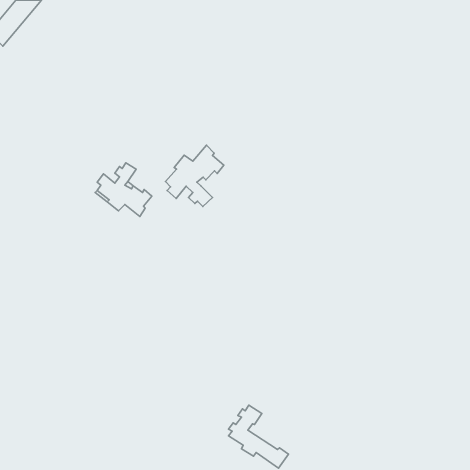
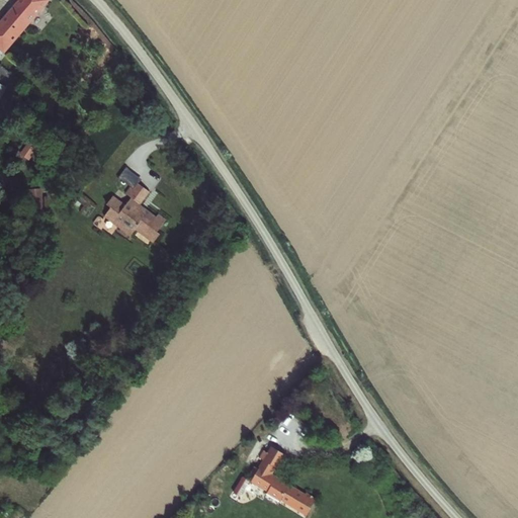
building: [165,145,224,206] -> none

